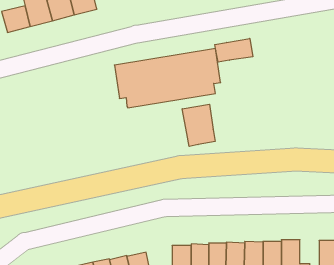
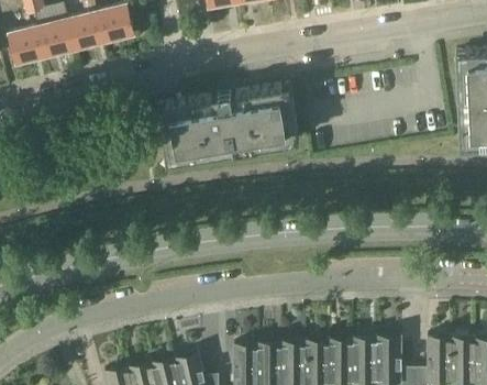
building: [215,38,253,62] -> none
building: [182,104,215,146] -> none

